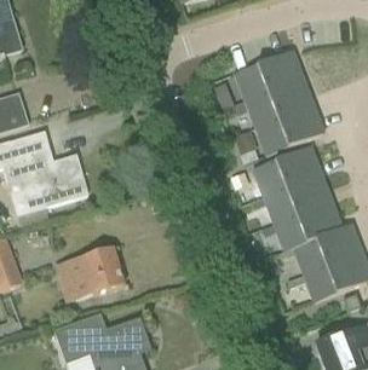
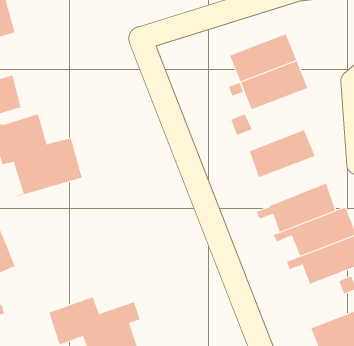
building: [257,105,324,155] -> none
building: [251,173,332,222] -> none
building: [65,247,123,299] -> none

